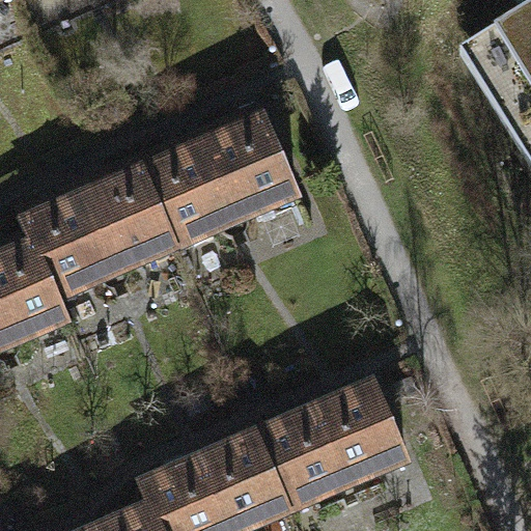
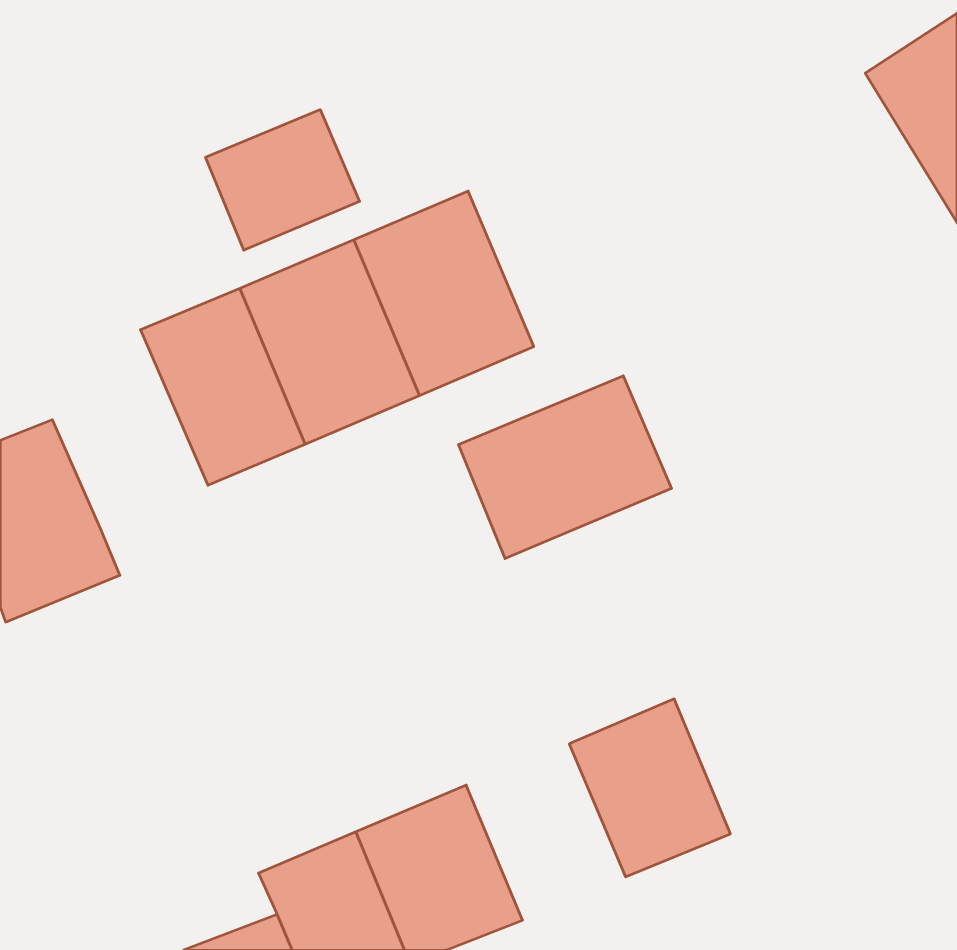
building: none -> [206,110,360,250]
building: [19,183,115,294] -> none
building: none -> [459,376,672,559]
building: [258,412,346,509] -> none

